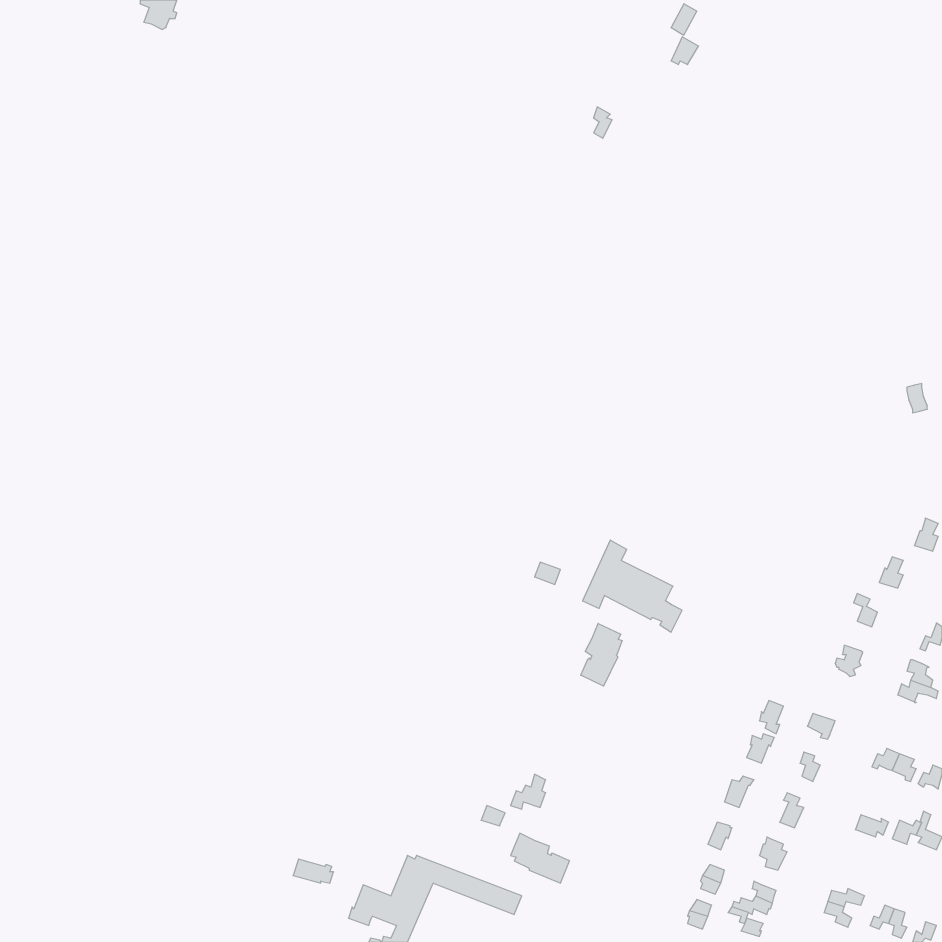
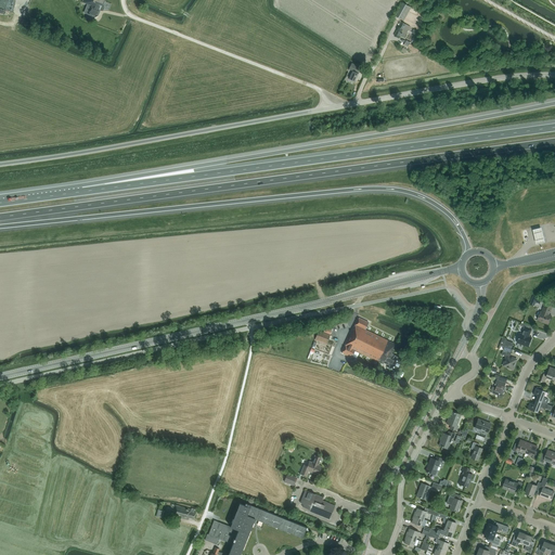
building: [581,623,622,686] -> none

